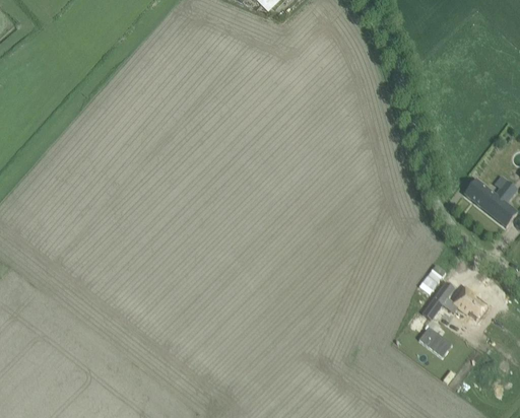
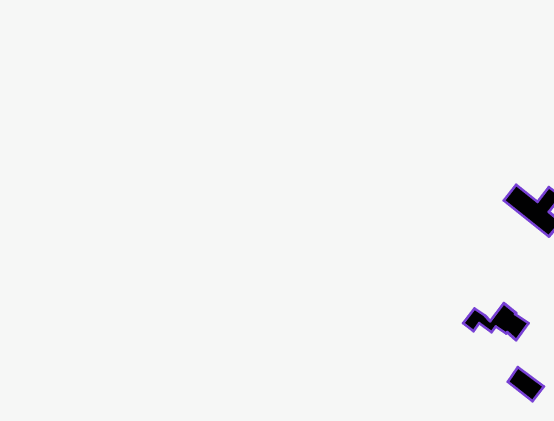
building: [419,326,452,356] -> [508,367,544,401]

